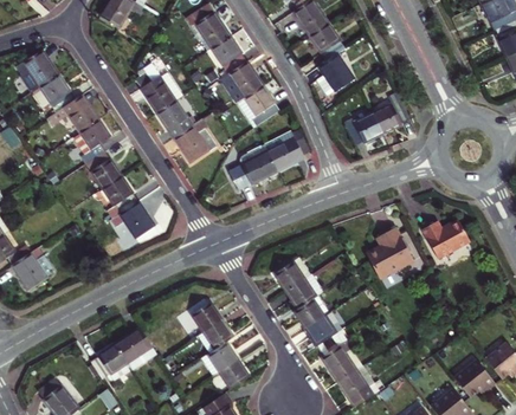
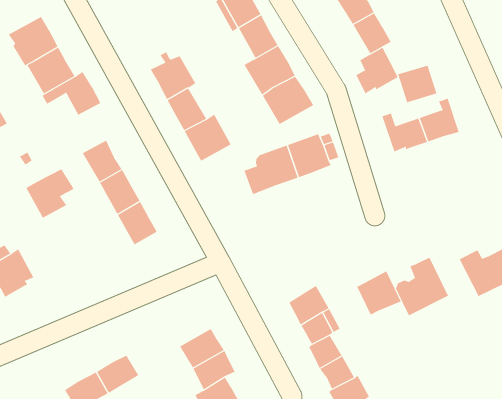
building: none -> [397,65,437,103]
building: [72,119,114,163] -> [25,169,74,219]
building: none -> [356,271,401,315]

